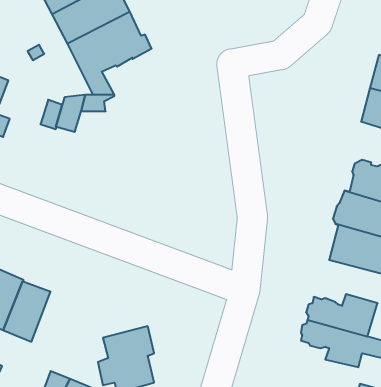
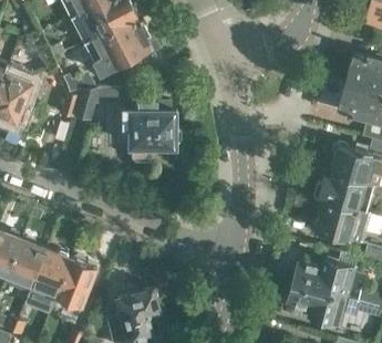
building: none -> [123,102,179,163]
building: none -> [52,258,95,312]

